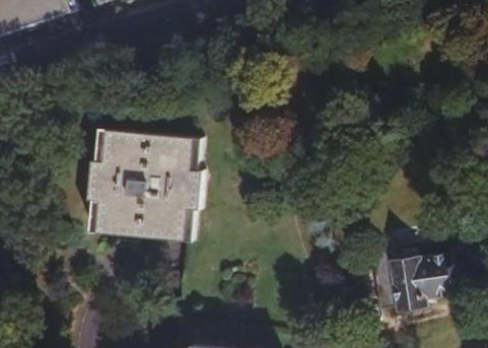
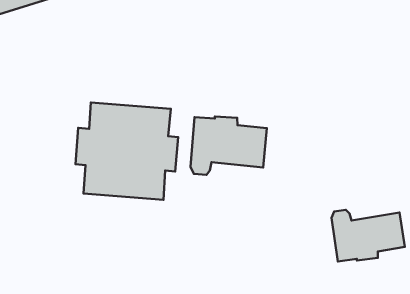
building: none -> [190,117,267,175]

